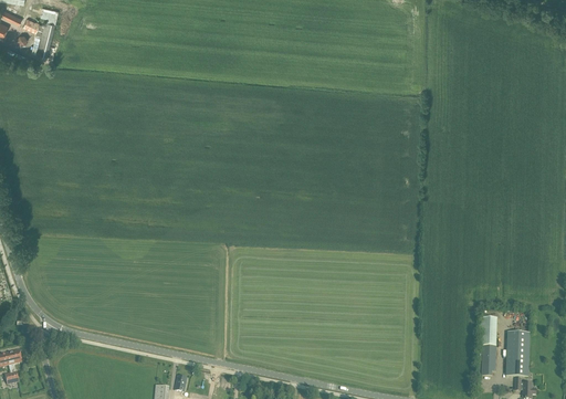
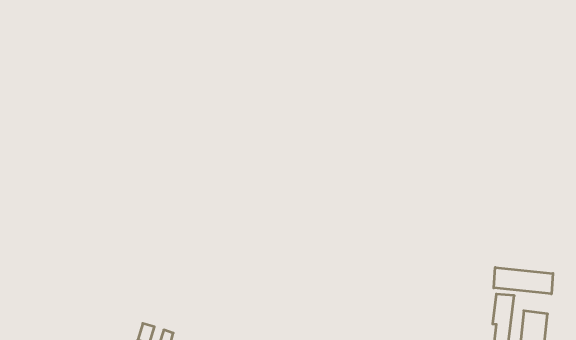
building: none -> [494,267,553,294]

